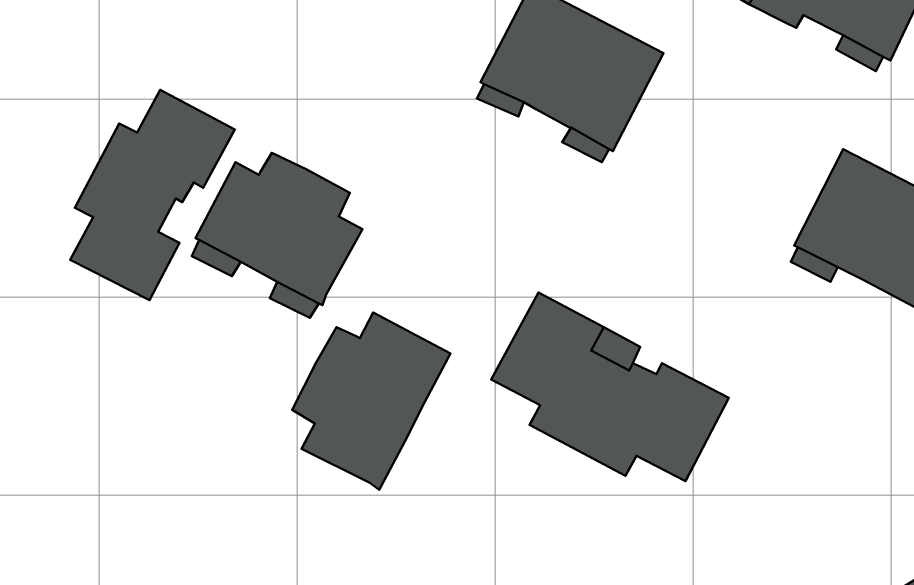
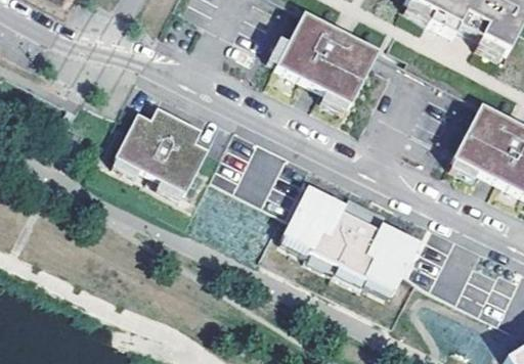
building: [70,90,235,300] -> none
building: [292,313,451,490] -> none

